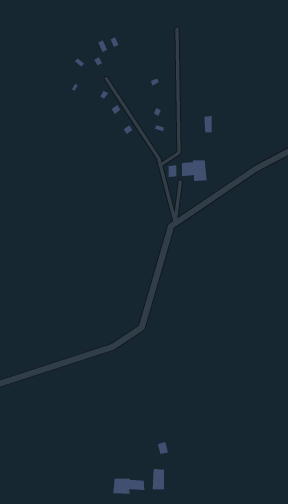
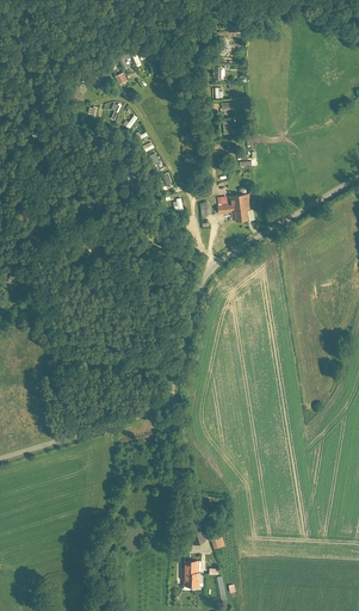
building: [113,478,145,495] -> none

